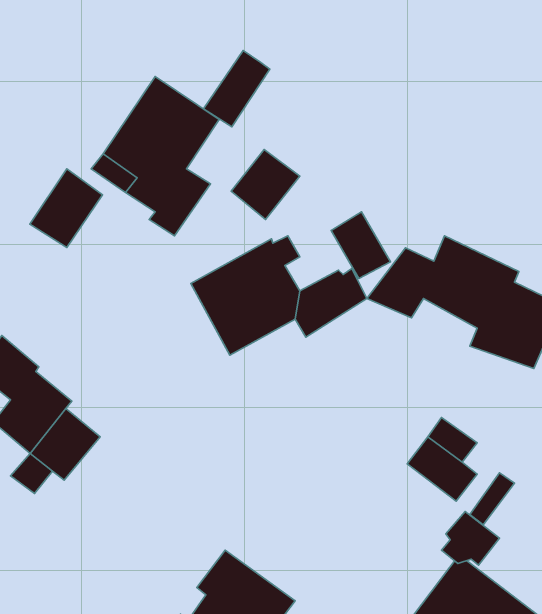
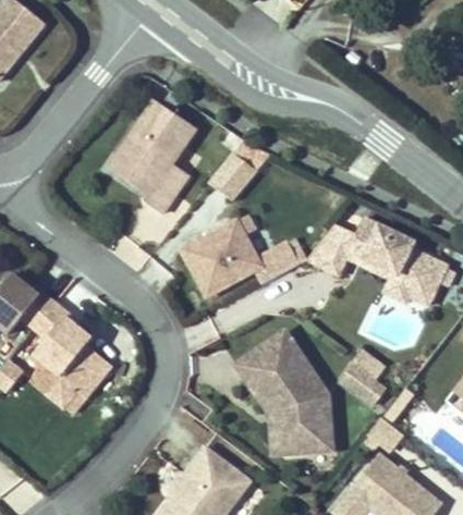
building: [204,50,270,127] -> none
building: [30,169,103,248] -> none
building: [331,212,390,279] -> none
building: none -> [233,329,336,458]

